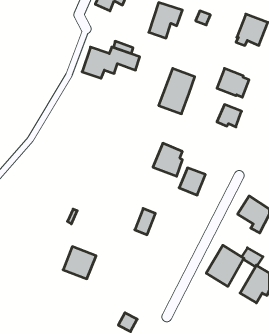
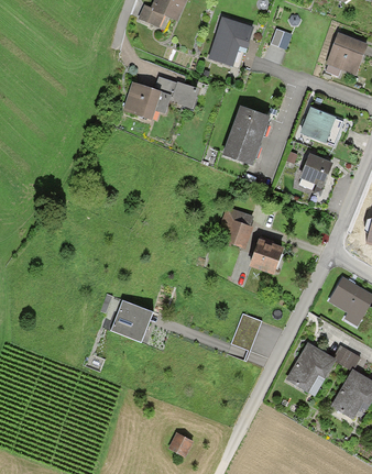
building: [135,208,155,235] -> [233,315,261,350]
building: [63,247,96,279] -> [110,300,154,343]

